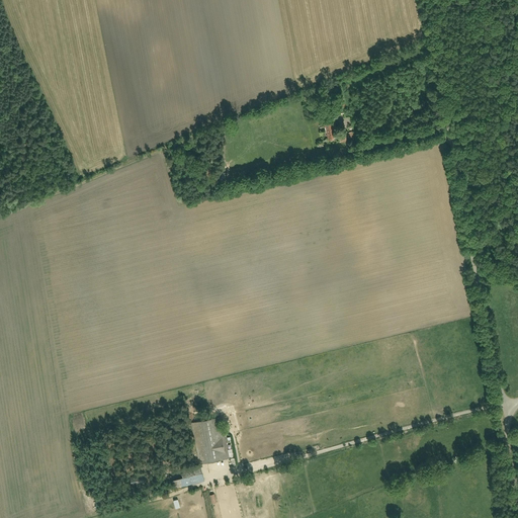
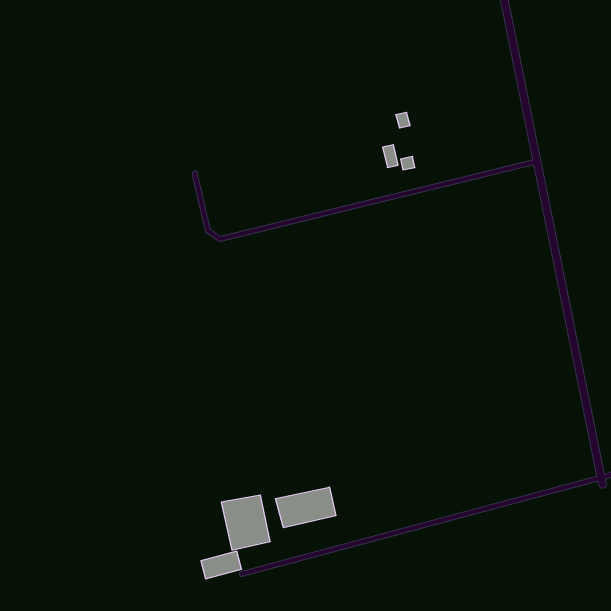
building: none -> [275,487,336,528]

